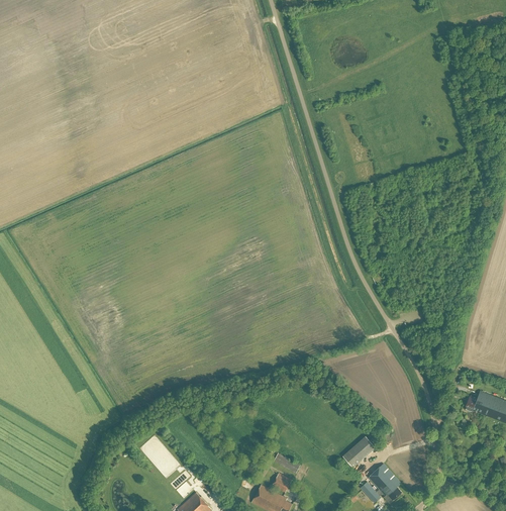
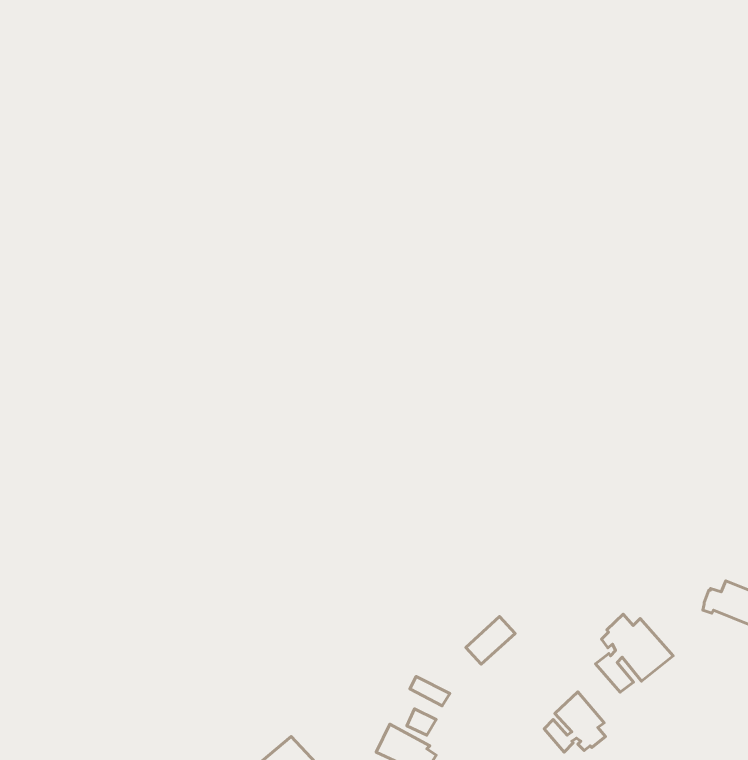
building: none -> [596,614,673,692]
building: [343,436,376,468] -> [466,617,515,664]

